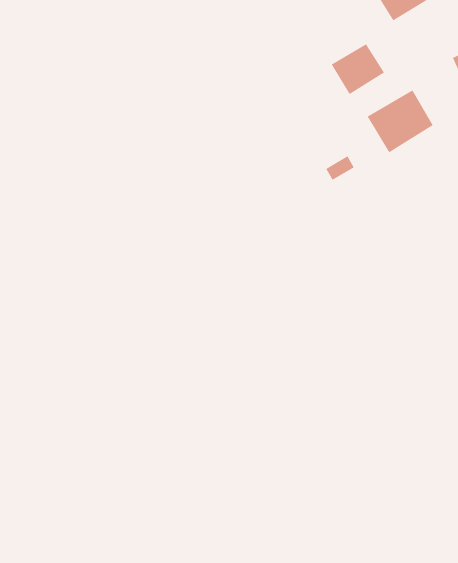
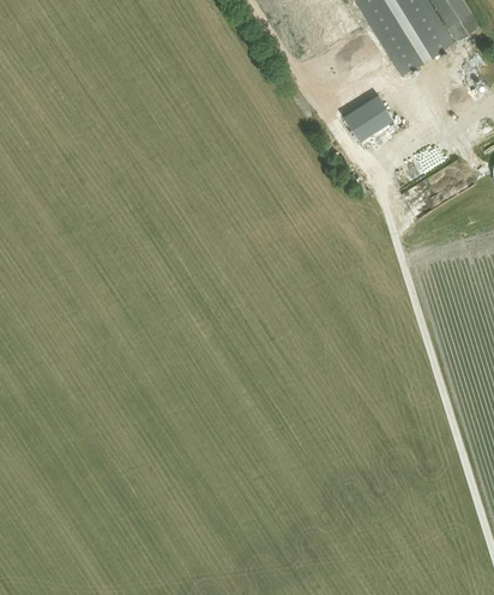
building: [367,89,433,153] -> none

